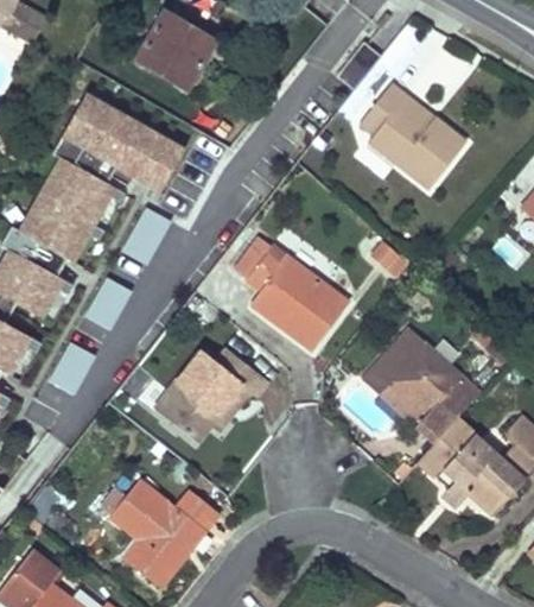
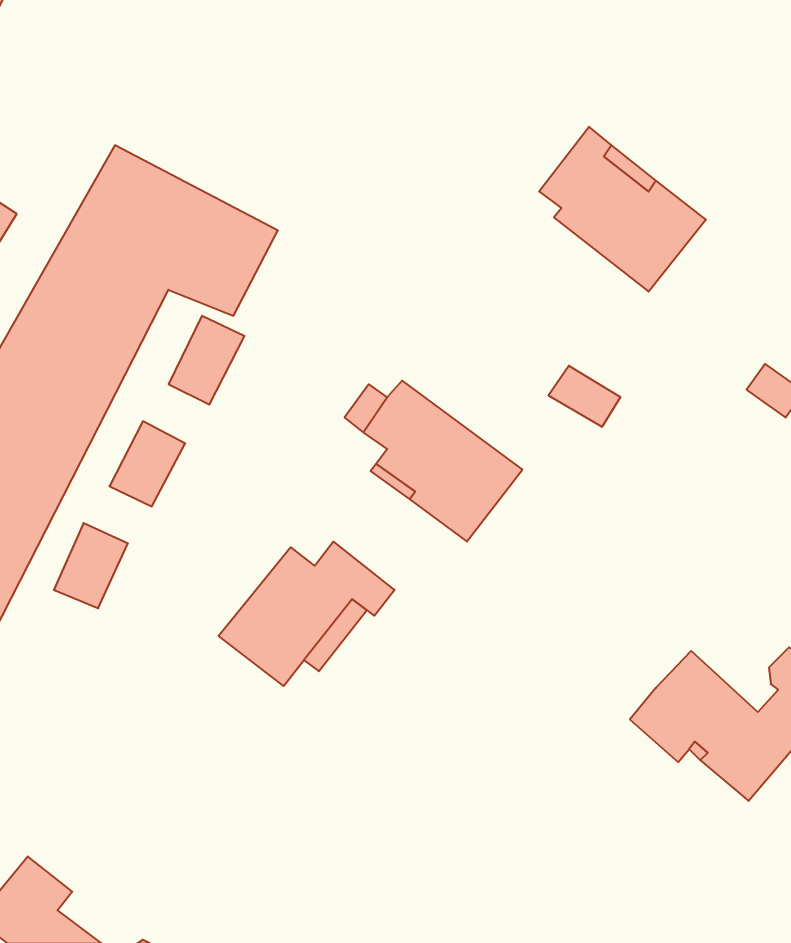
building: [136,12,214,88] -> none
building: [364,329,479,442] -> none
building: [100,479,218,584] -> none

